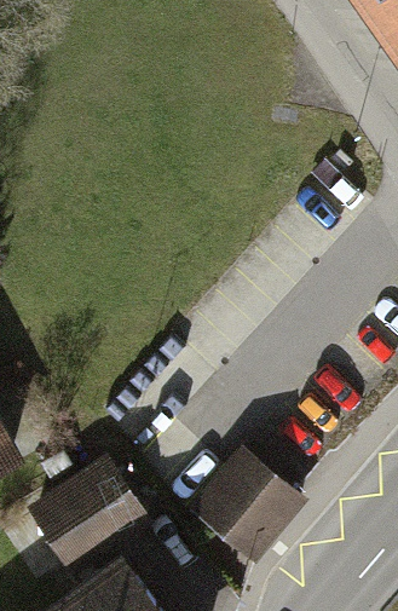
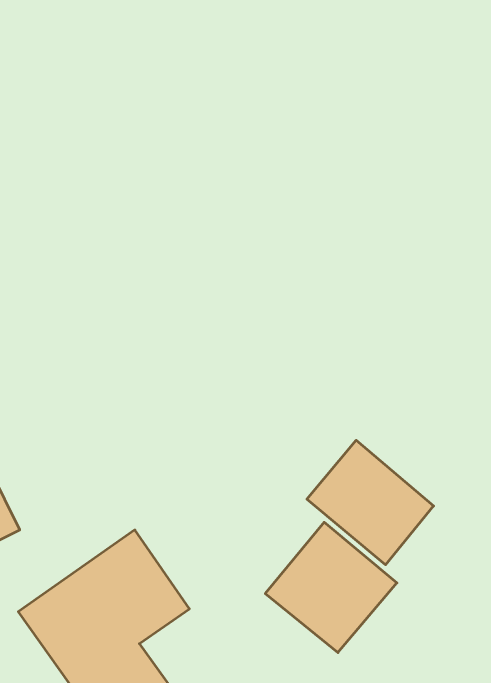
building: none -> [307,440,434,565]

